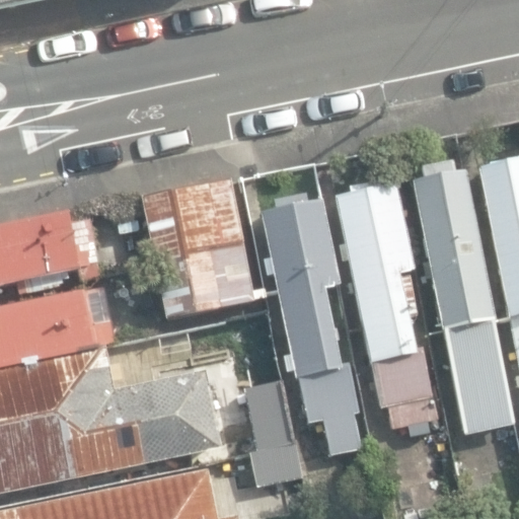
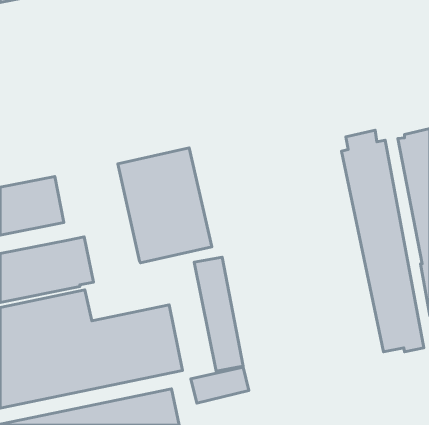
building: [335,179,437,429] -> none
building: [262,197,363,454] -> none

